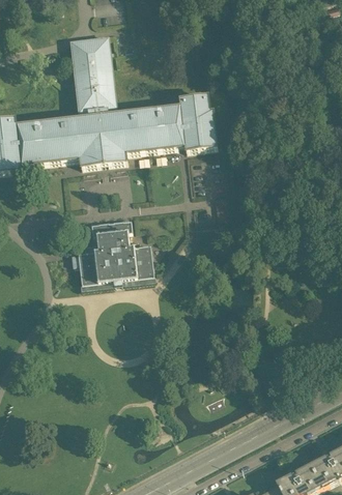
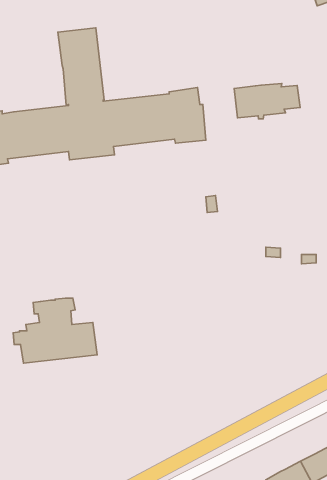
building: none -> [234,84,300,119]
building: [72,220,154,284] -> [13,298,97,363]

